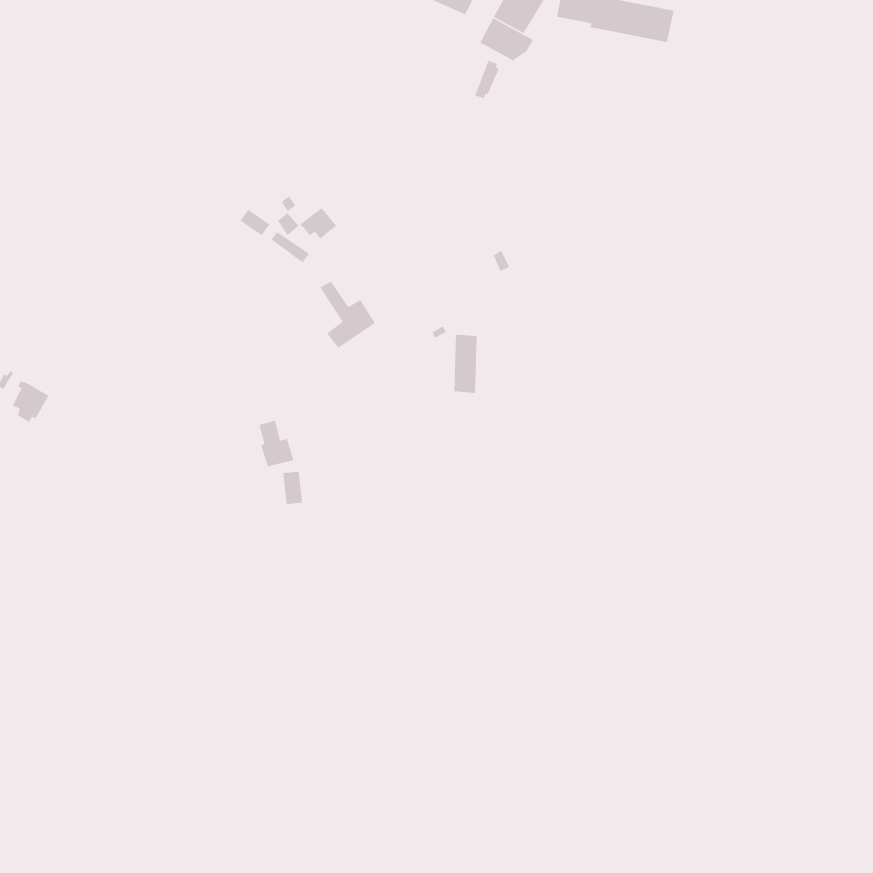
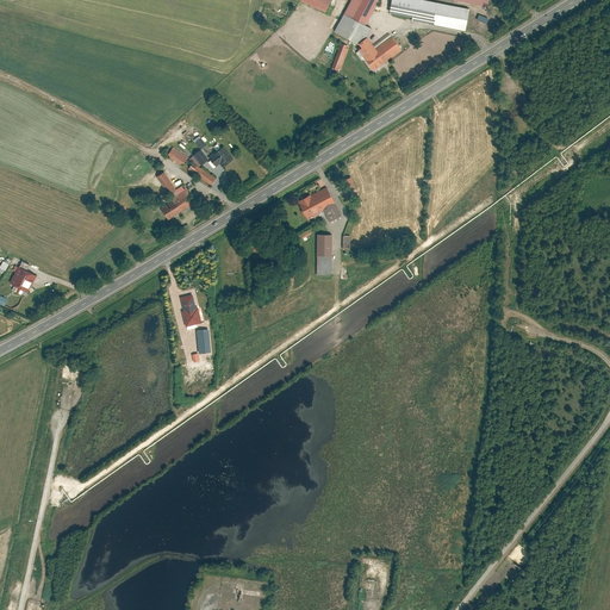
building: none -> [359,35,402,70]
building: none -> [298,186,341,219]
building: [319,280,376,349] -> [155,169,194,217]

